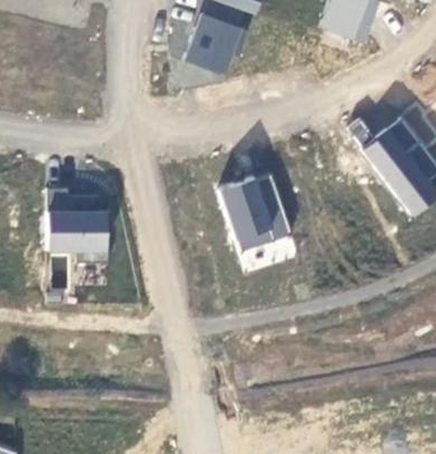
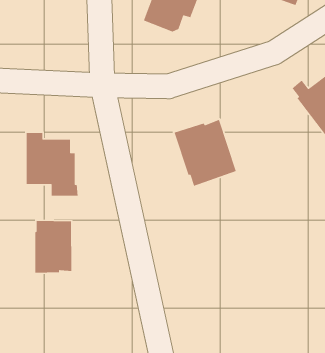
building: none -> [35,220,72,273]

